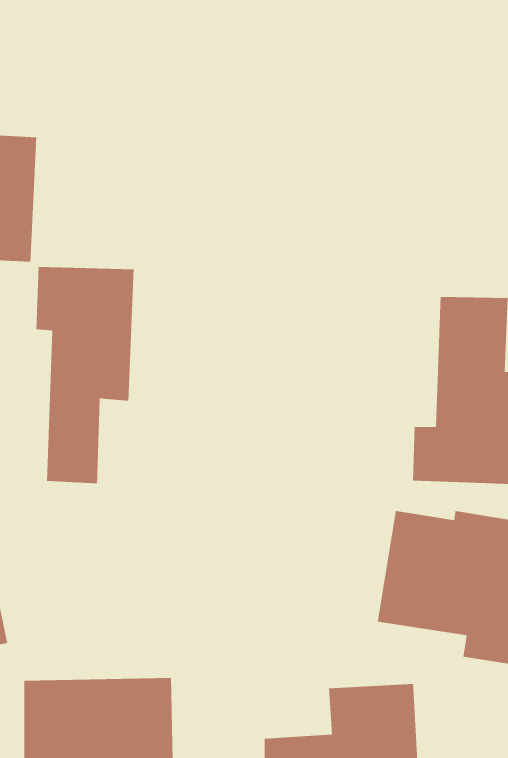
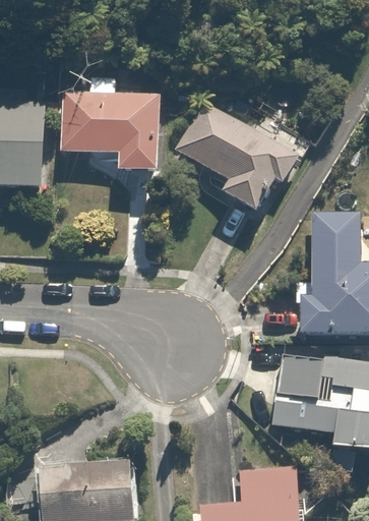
building: none -> [60,73,164,172]
building: none -> [176,103,297,220]
building: [35,266,135,484] -> none

